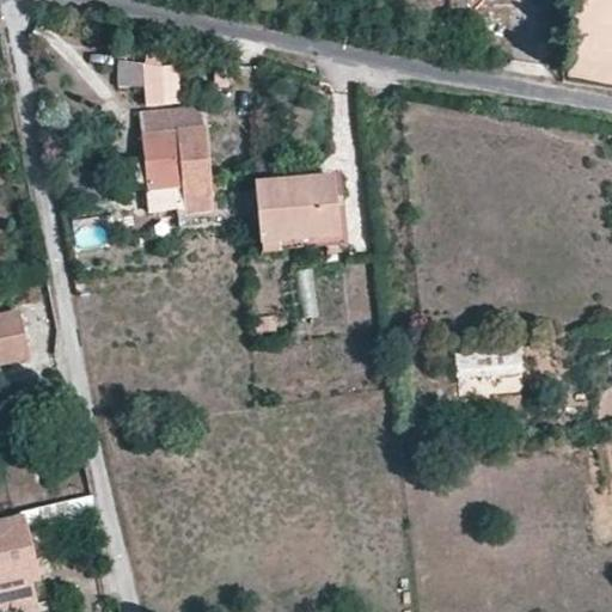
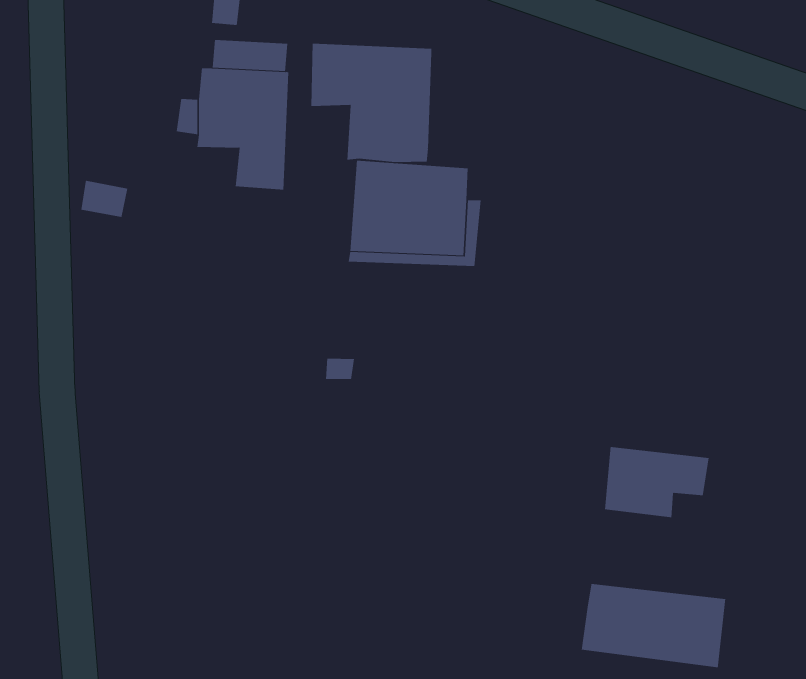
building: none -> [311,43,432,163]
building: none -> [581,583,726,668]

